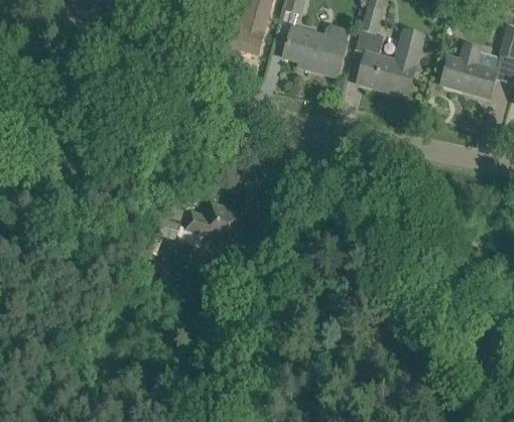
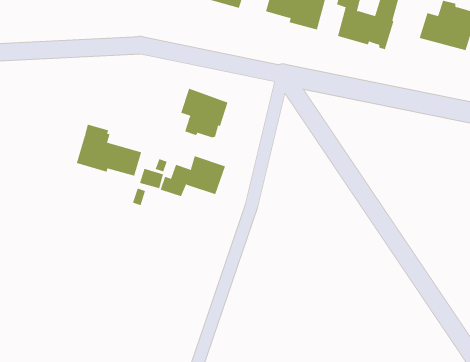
building: none -> [181,88,228,138]
building: none -> [76,124,142,177]

